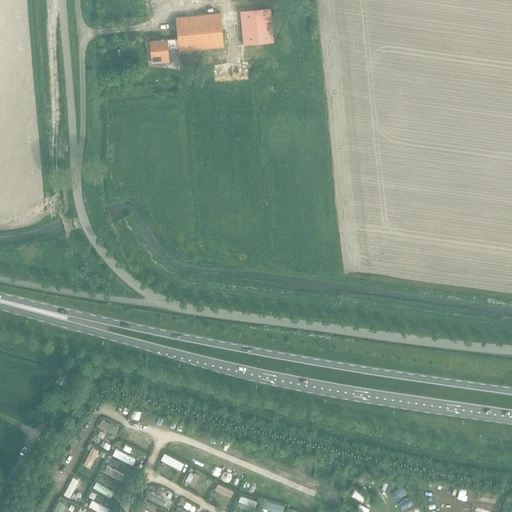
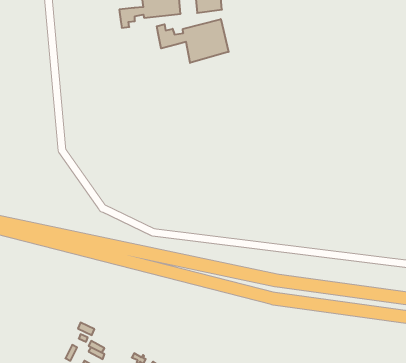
building: none -> [157,19,229,63]

